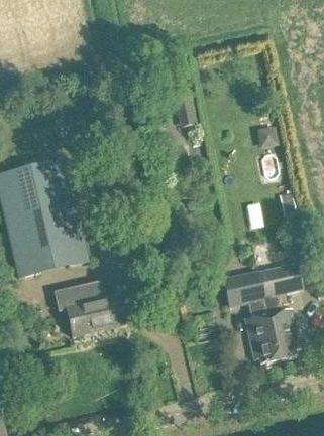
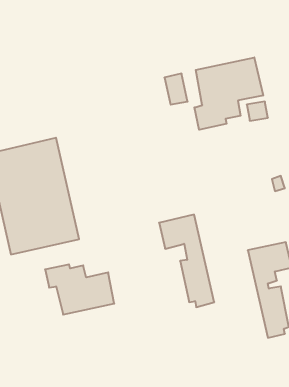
building: none -> [194,57,263,130]
building: [223,271,279,364] -> [159,215,214,307]

